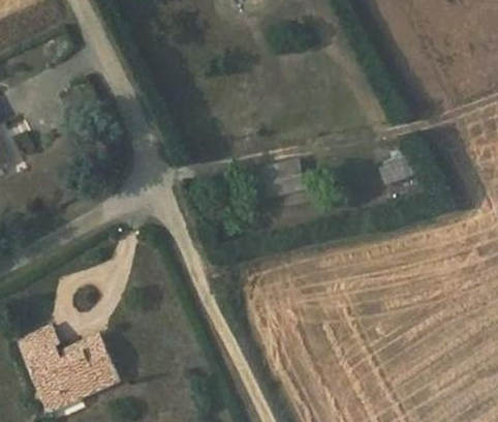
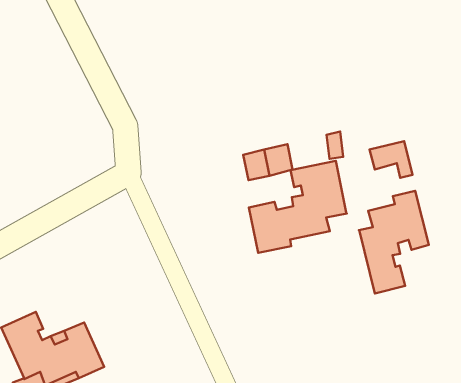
building: none -> [249,161,347,253]
building: none -> [359,191,429,293]

